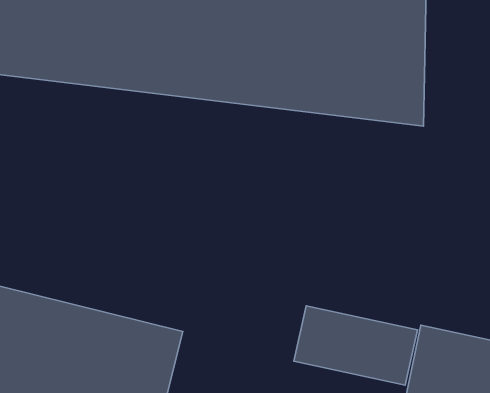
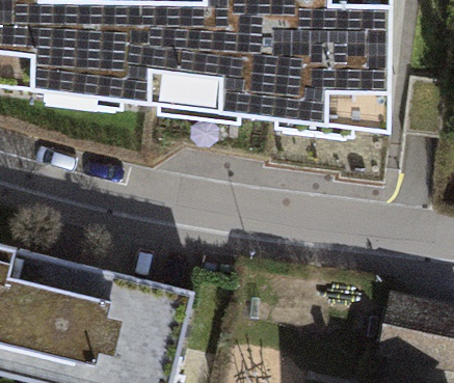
building: [294,306,417,385] -> none

